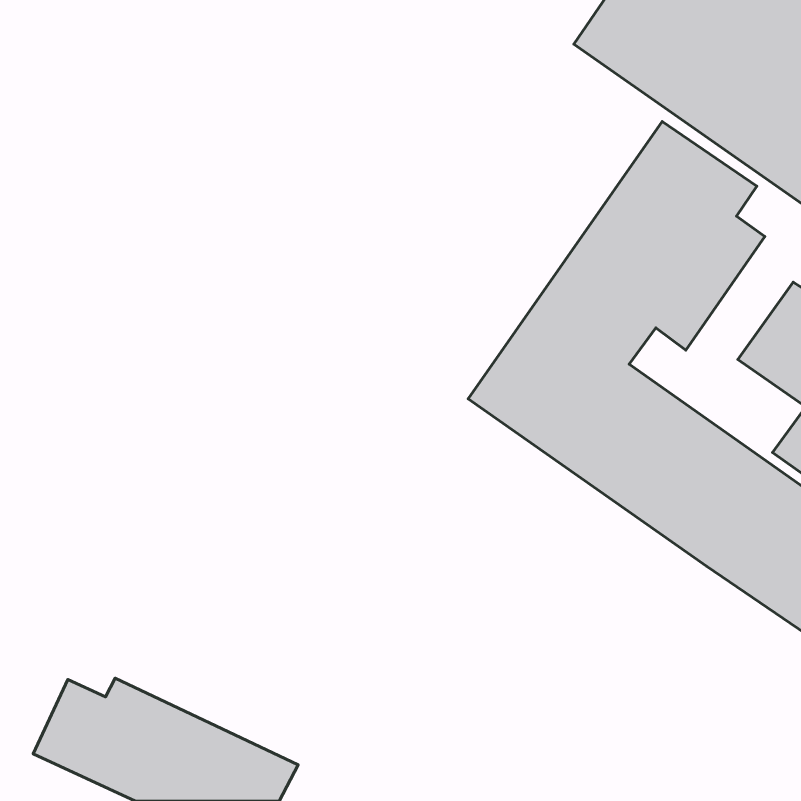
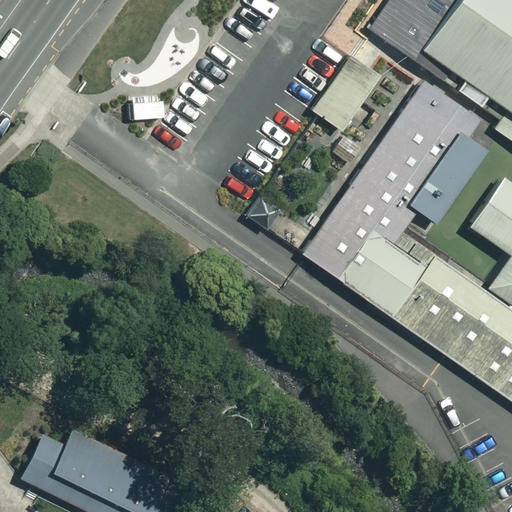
building: none -> [313,53,384,134]

